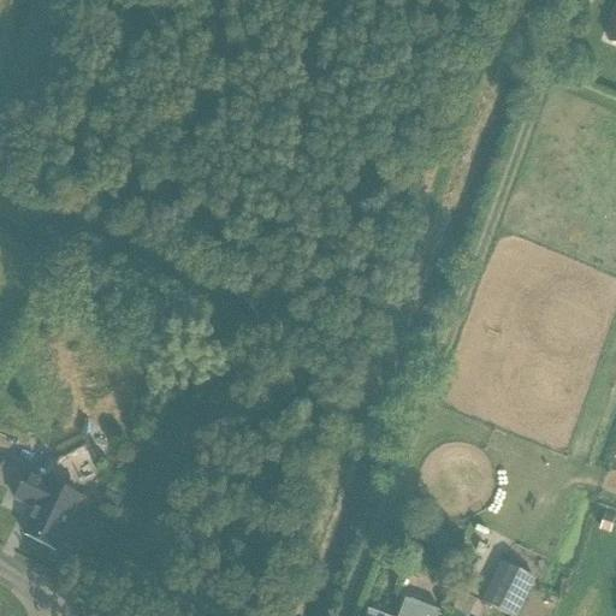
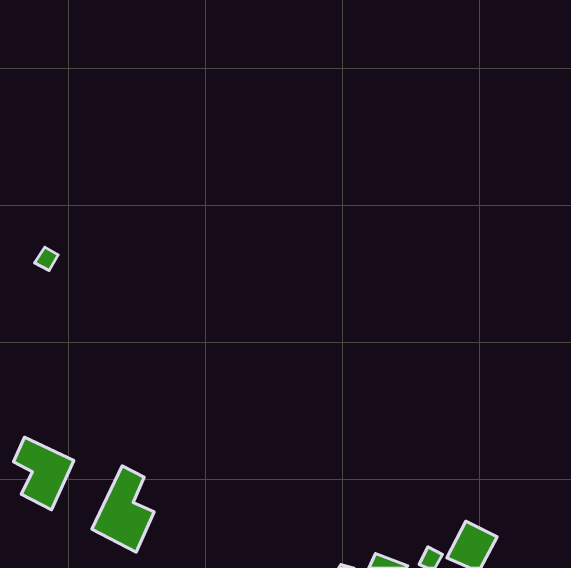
building: none -> [92,466,154,552]

